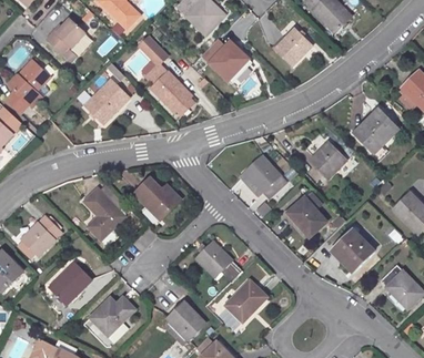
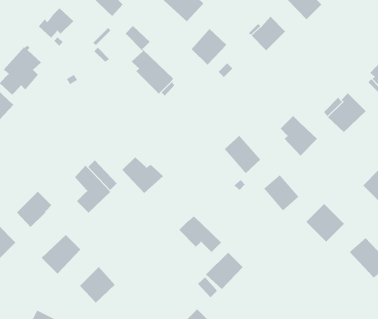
building: [84,79,130,124] -> none
building: [168,301,205,339] -> none

